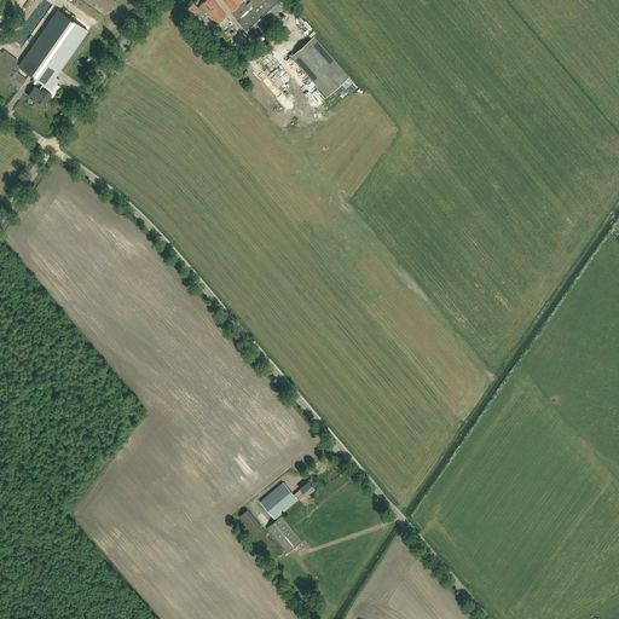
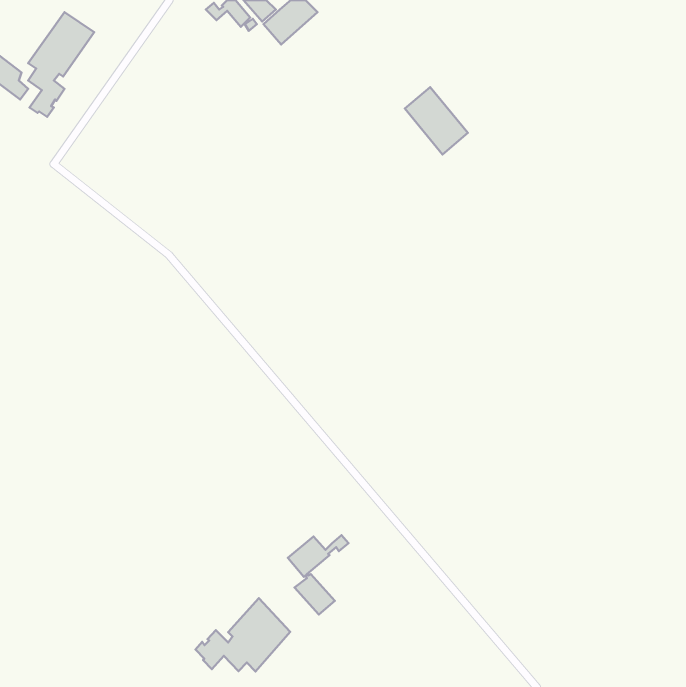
building: [291,36,348,97] -> [405,87,468,154]
building: none -> [196,598,290,672]

